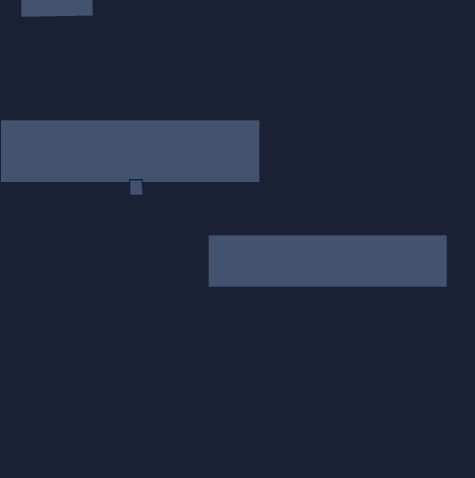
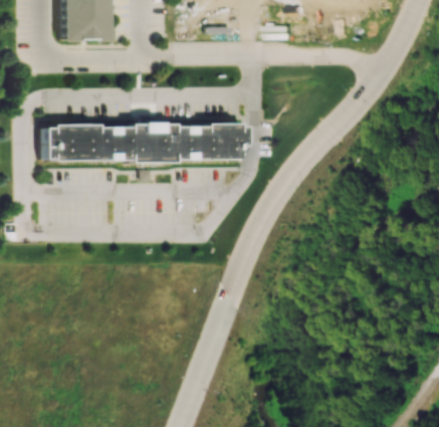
building: [208,235,447,287] -> none

